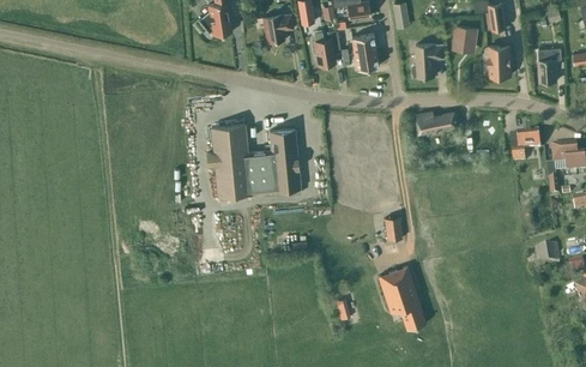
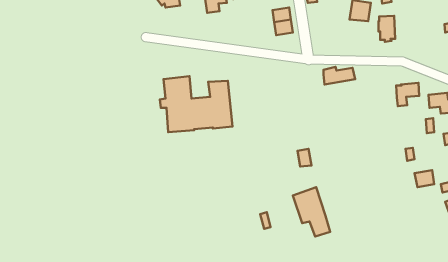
building: [313,31,339,66] -> none
building: [412,43,445,77] -> none
building: [538,48,561,83] -> none

